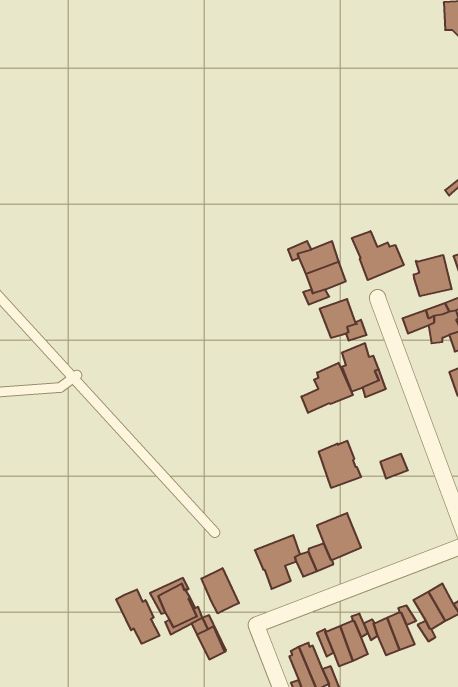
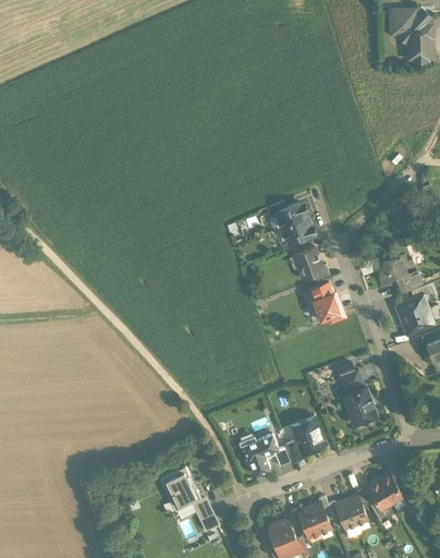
building: [352,231,404,280] -> none
building: [414,255,452,296] -> none
building: [301,363,353,413] -> none
building: [319,441,361,488] -> [343,387,377,424]
building: [201,568,239,613] -> none
building: [116,589,160,644] -> none

